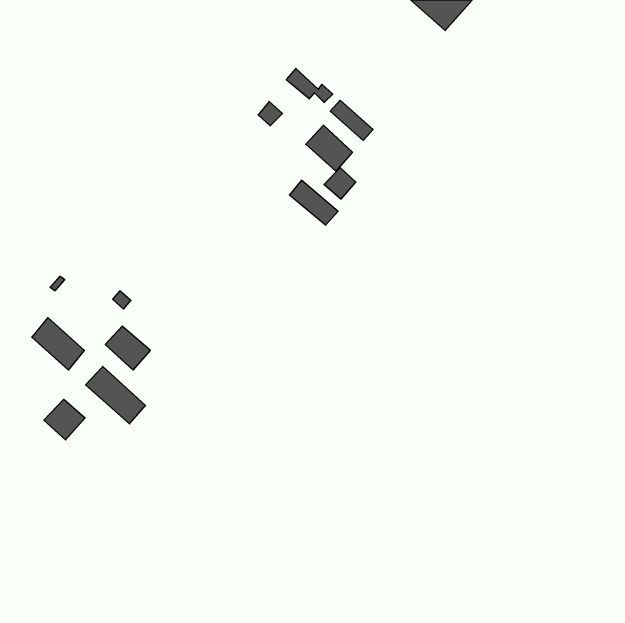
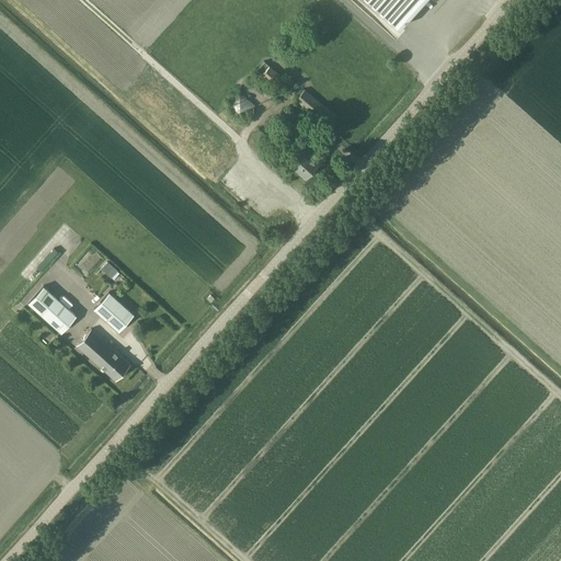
building: [306,125,352,171] -> none
building: [290,180,338,225] -> none
building: [44,399,85,440] -> none

